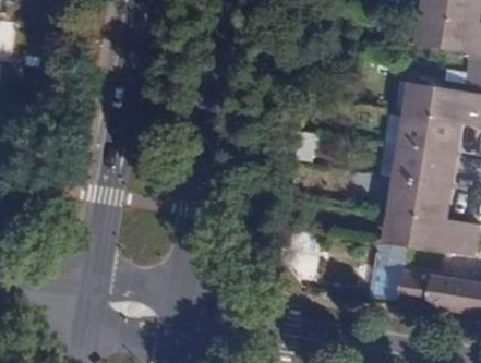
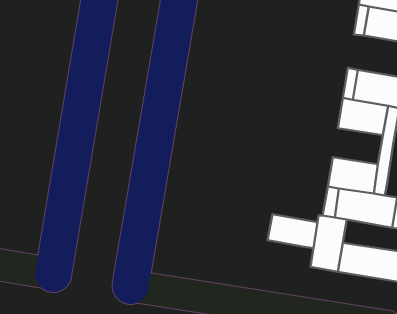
building: [394,146,448,185] -> none
building: none -> [268,214,318,248]

